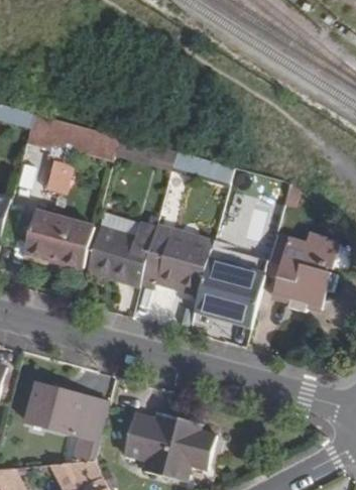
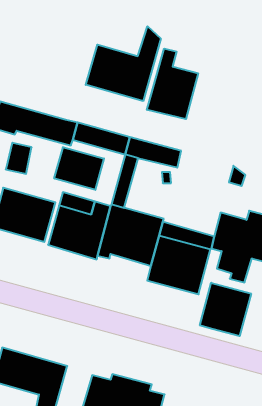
building: none -> [86,26,161,101]
building: none -> [147,49,198,119]
building: none -> [54,147,104,190]
building: none -> [200,283,251,336]

